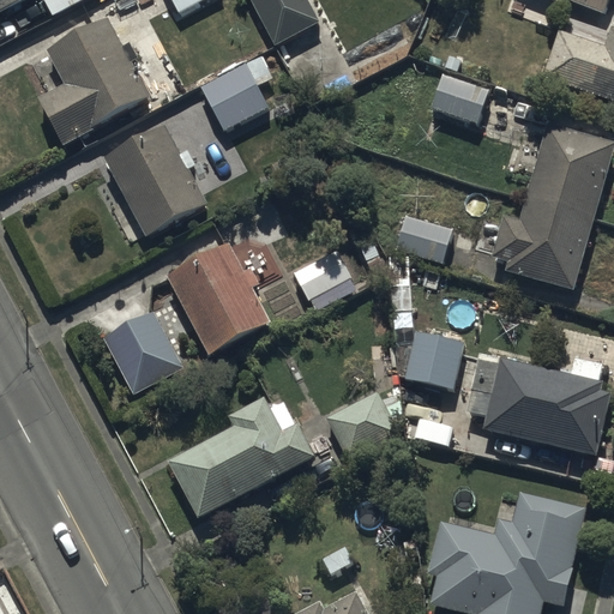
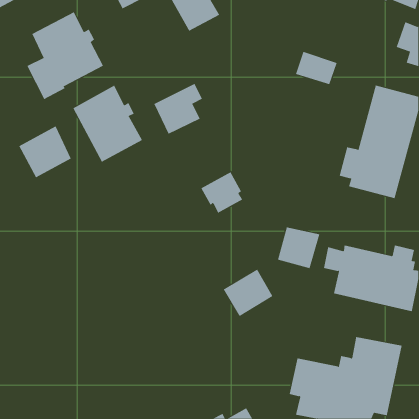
building: [200,55,272,130] -> [153,83,203,134]
building: none -> [18,125,71,178]
building: [393,212,452,266] -> none
building: [167,242,271,355] -> none
building: [103,311,183,393] -> none
building: [168,396,314,518] -> none

